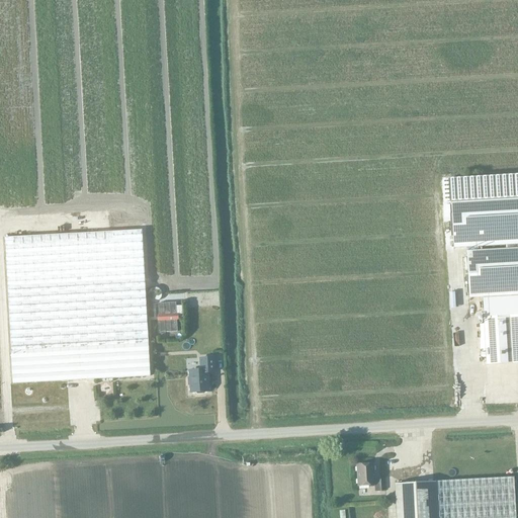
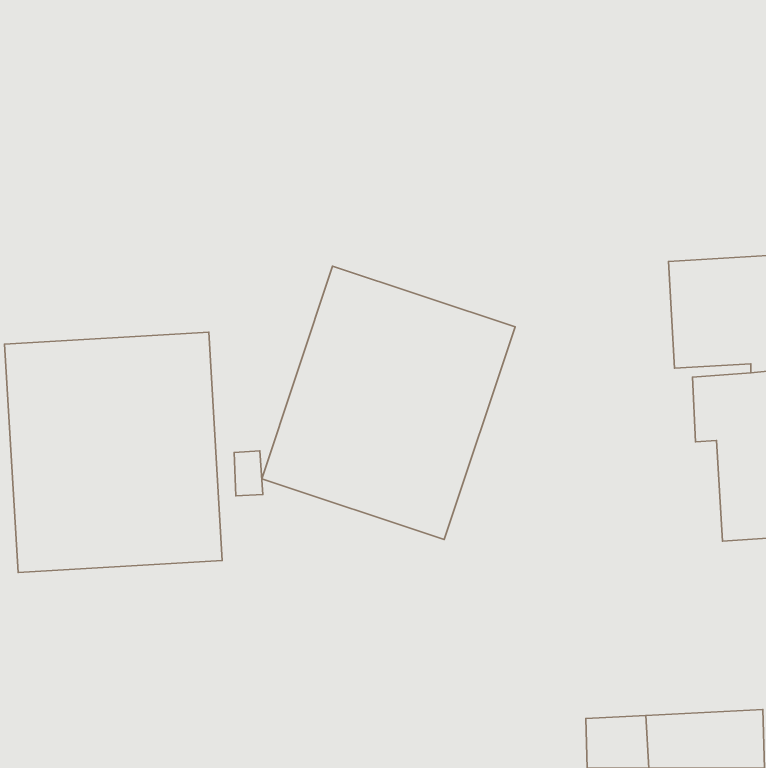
building: none -> [262,266,515,539]
building: [189,358,214,394] -> none
building: [358,463,382,492] -> none

